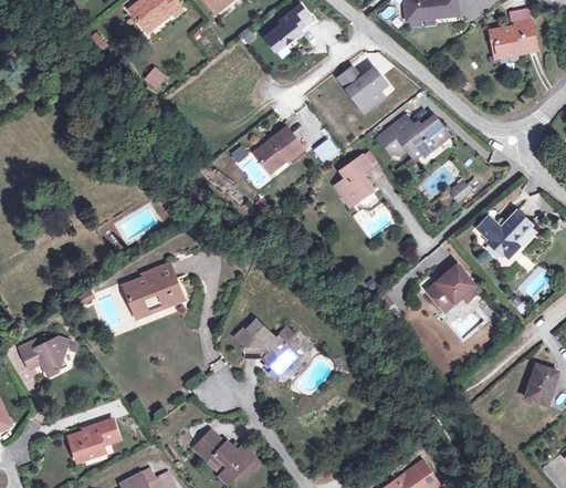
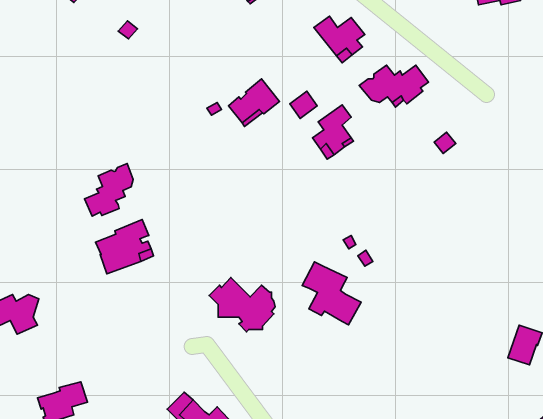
building: none -> [84,164,133,216]
building: [479,210,532,257] -> none
building: [427,269,481,310] -> none
building: none -> [302,262,361,325]

